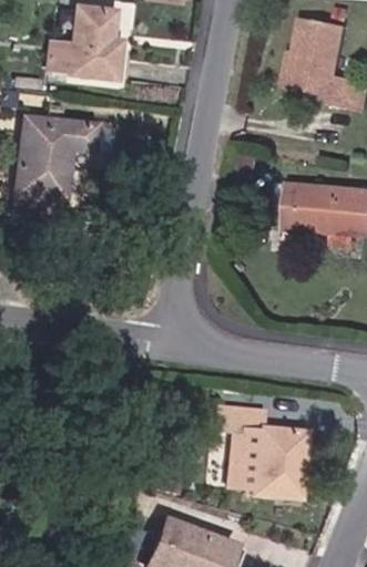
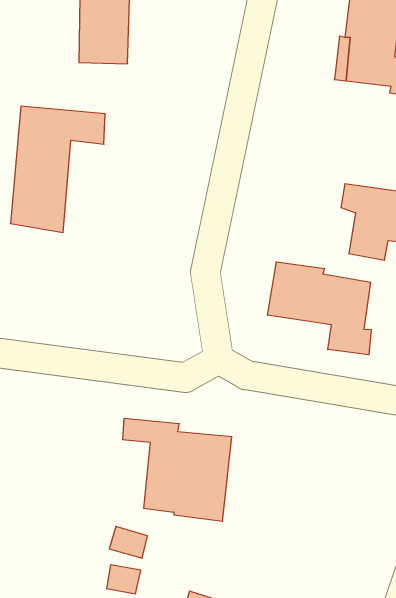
building: none -> [268,262,371,355]
building: [211,415,303,502] -> [123,418,232,521]

